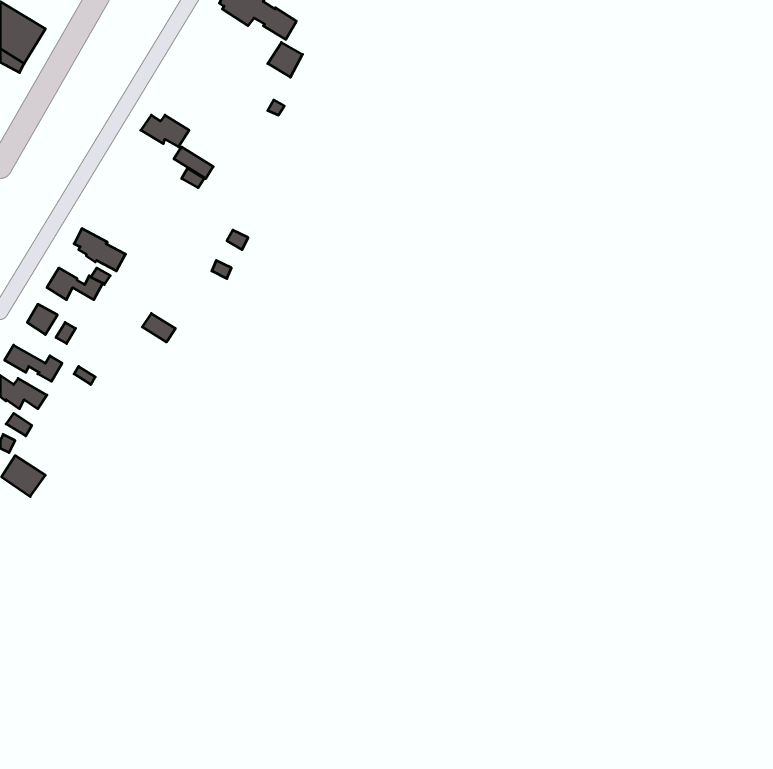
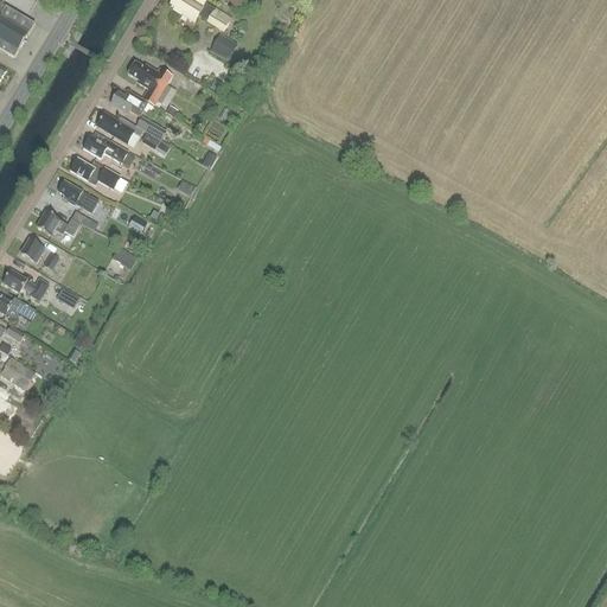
building: none -> [129,62,173,106]
building: none -> [97,114,143,143]
building: none -> [84,135,128,164]
building: none -> [71,158,120,189]

